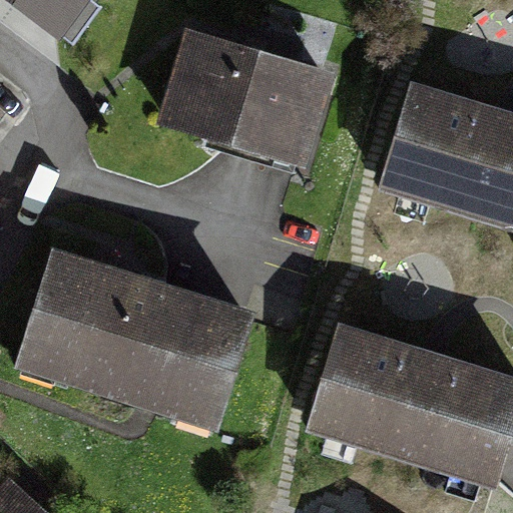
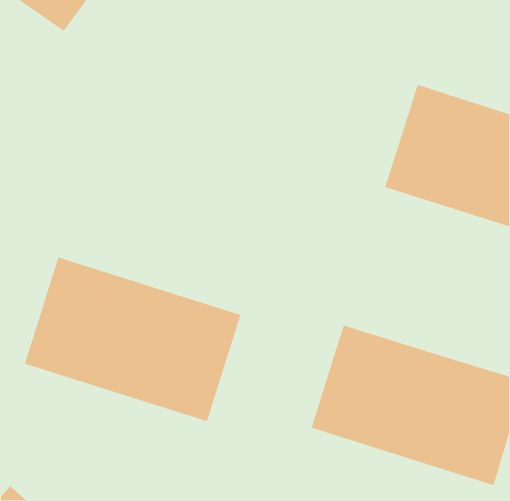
building: [163,31,331,167] -> none

